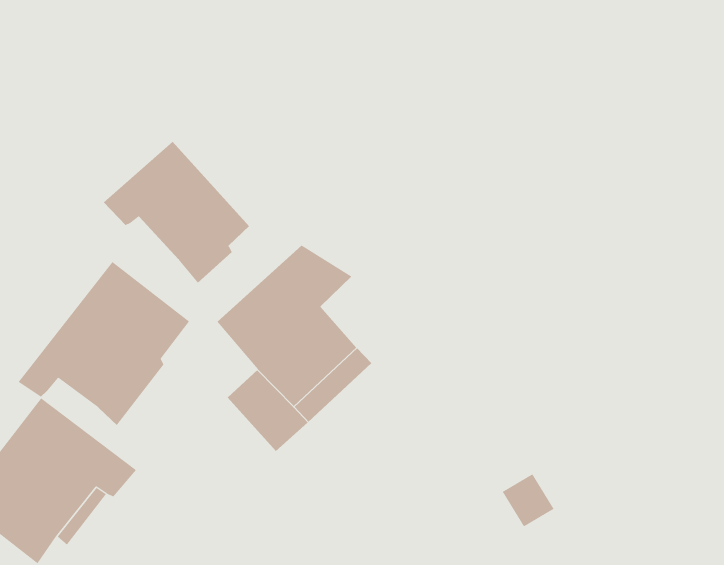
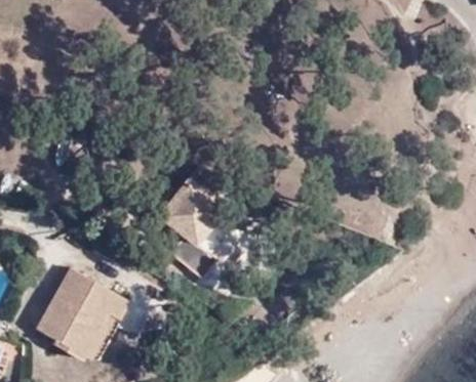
building: [103,141,250,284] -> none
building: [18,261,190,426] -> none

